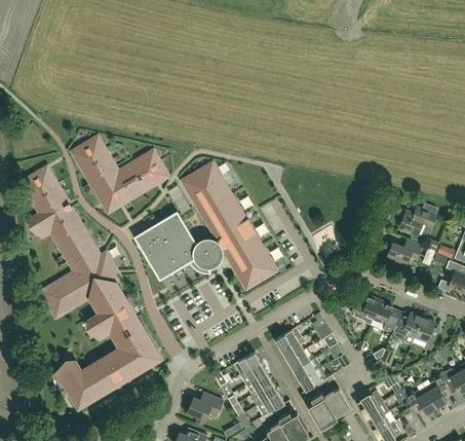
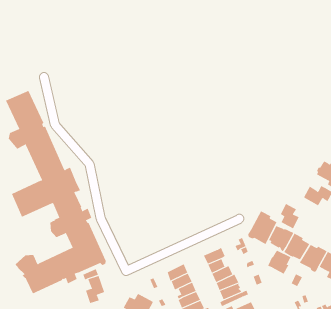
building: [74,139,159,210] -> none
building: [135,162,277,289] -> none
building: none -> [280,203,299,229]
building: none -> [248,210,277,245]
building: none -> [267,250,291,275]
building: none -> [86,275,105,304]

